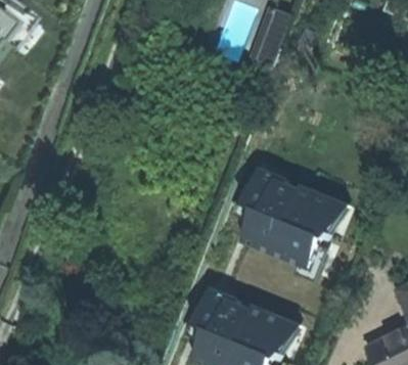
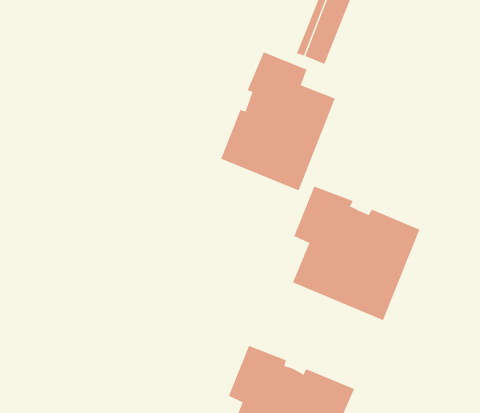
building: none -> [220,51,336,191]

